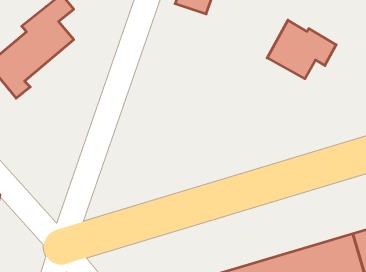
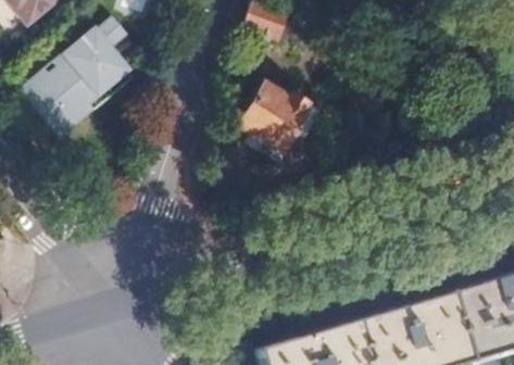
building: [267,20,336,79] -> [240,84,319,151]

